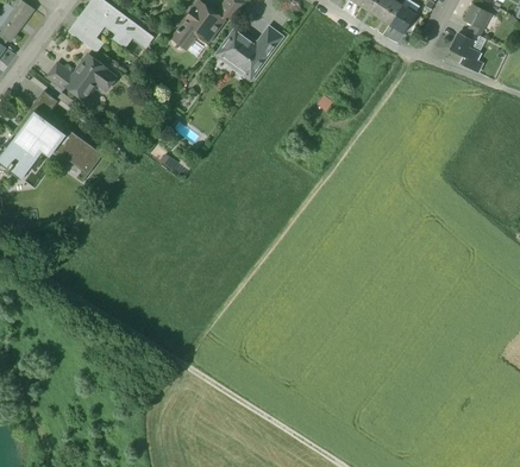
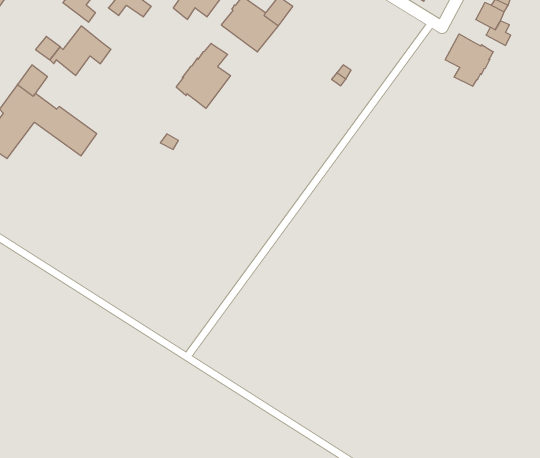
building: none -> [445,34,493,86]
building: none -> [176,43,230,108]

